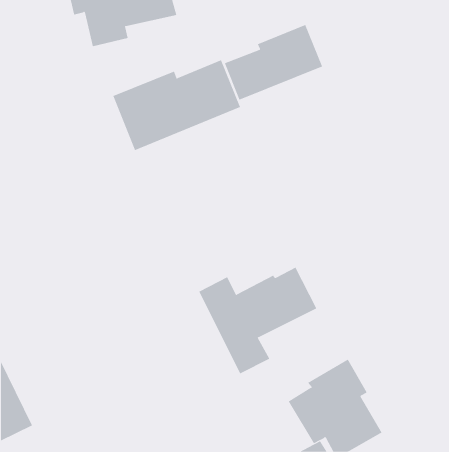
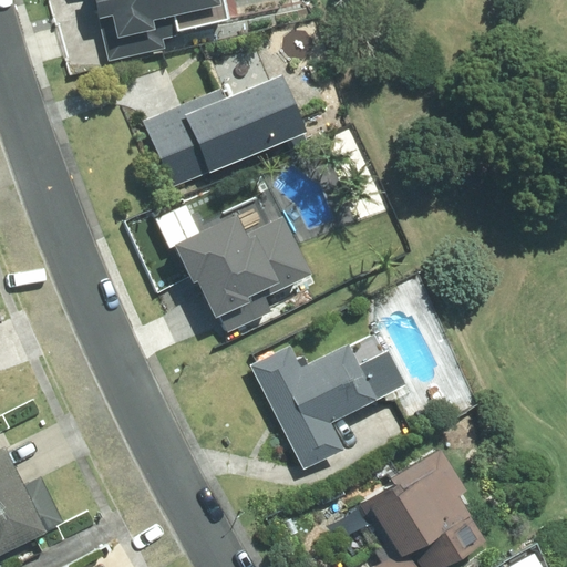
building: [224,24,323,100] -> none
building: none -> [171,213,310,329]

